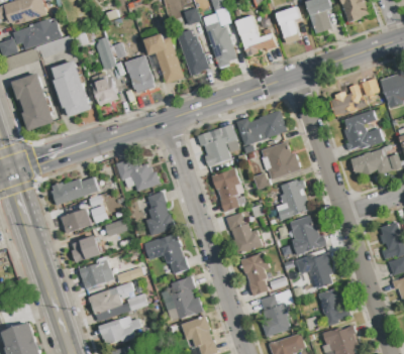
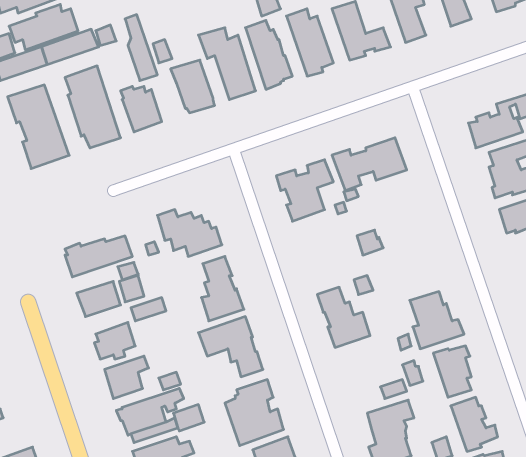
building: [261,142,300,180] -> none
building: [211,168,239,212] -> none
building: [276,180,307,221] -> none
building: [239,252,269,297] -> none

